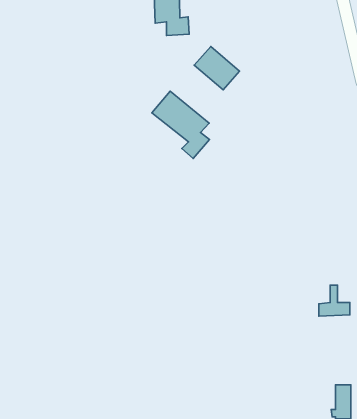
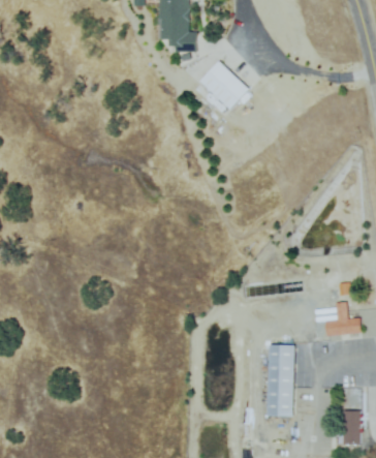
building: [152,91,210,159] -> none
building: none -> [269,345,293,415]

